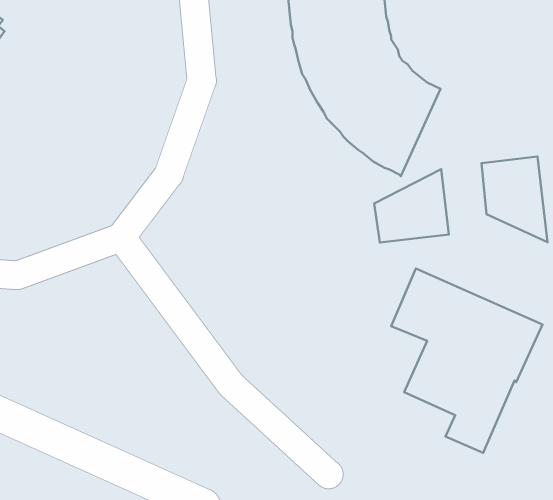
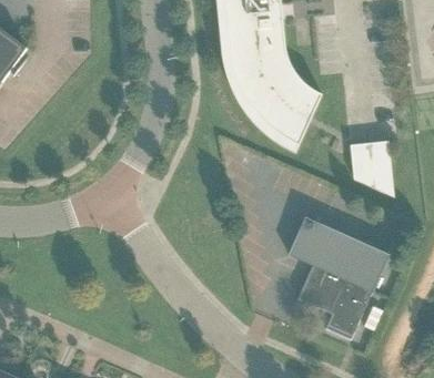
building: [374,169,449,242] -> none

